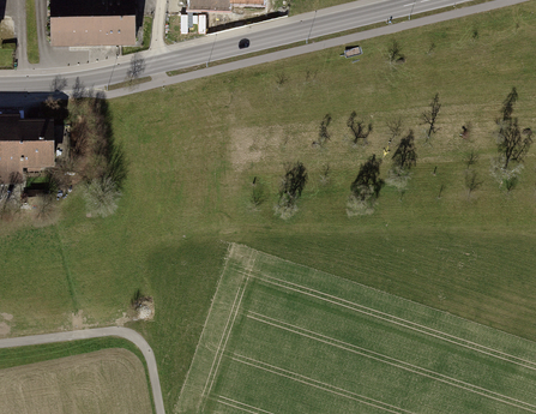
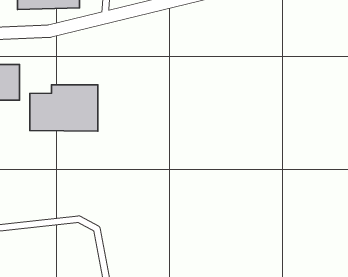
building: none -> [30,85,98,131]

